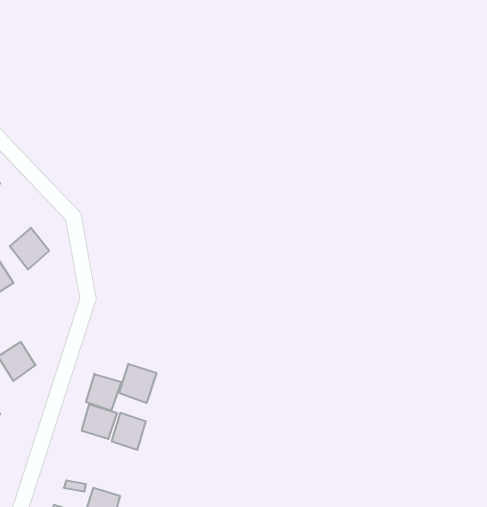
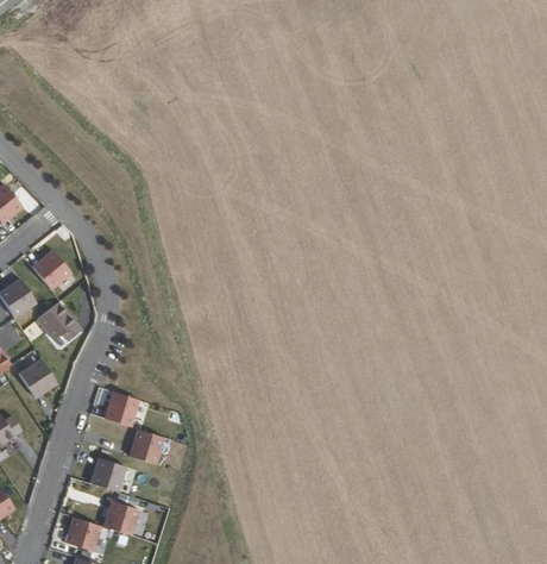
building: none -> [37,302,80,340]
building: [119,364,156,403] -> none
building: [82,405,117,439] -> [90,458,125,491]

